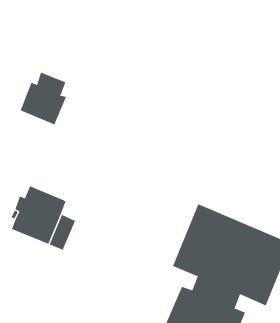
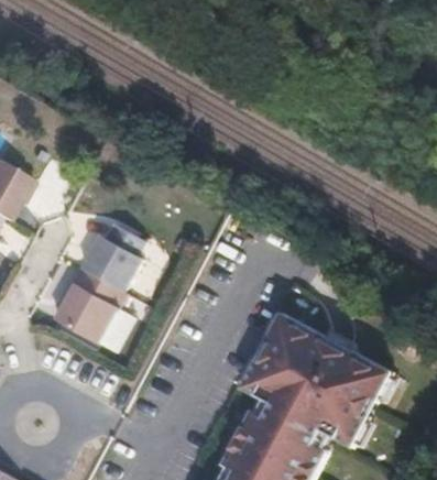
building: [20,72,67,125] -> [77,228,136,294]

